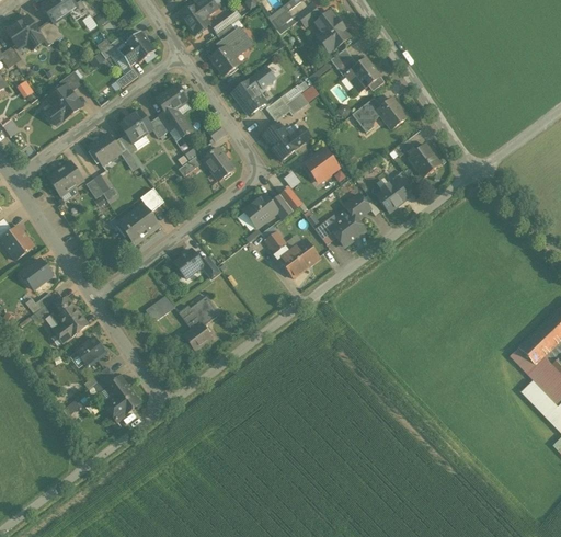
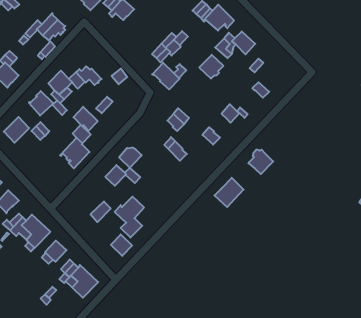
building: [211,45,241,76] -> none
building: [233,67,274,115] -> none
building: [157,84,188,115] -> none
building: [409,144,442,176] -> none
building: [204,147,236,181] -> [73,107,98,131]
building: [306,149,339,181] -> [199,55,223,79]
building: [377,181,409,213] -> none
building: [248,197,278,225] -> [119,148,142,168]
building: [331,212,365,245] -> [248,150,273,174]
building: [279,239,320,277] -> [214,178,244,207]
building: none -> [111,234,132,256]

